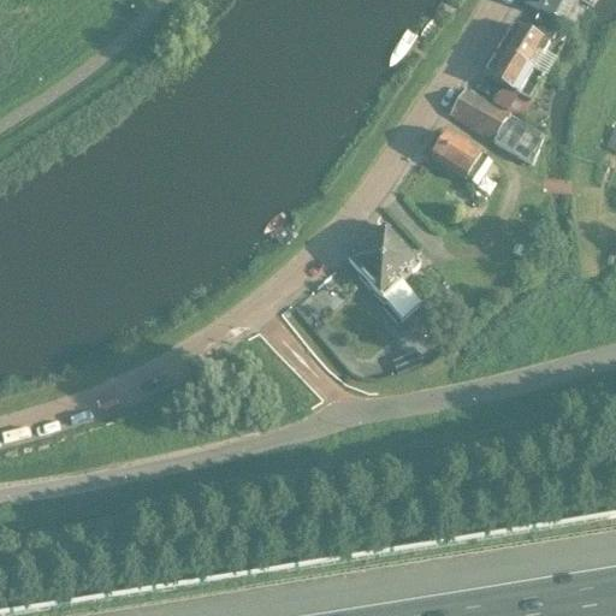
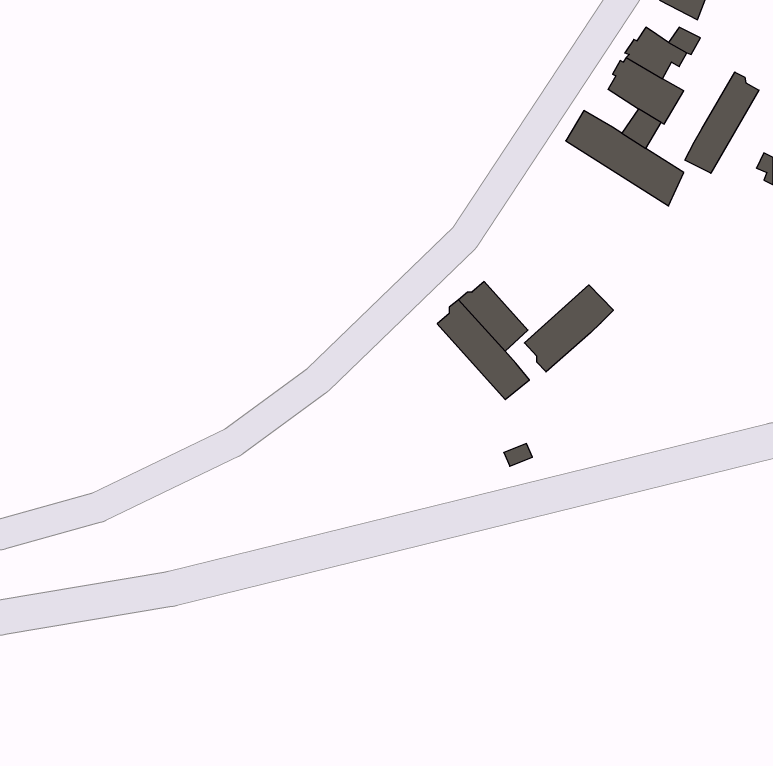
building: none -> [685,72,759,173]
building: [431,130,482,178] -> none
building: none -> [524,285,613,372]

